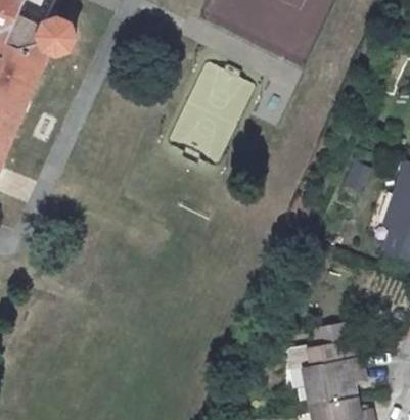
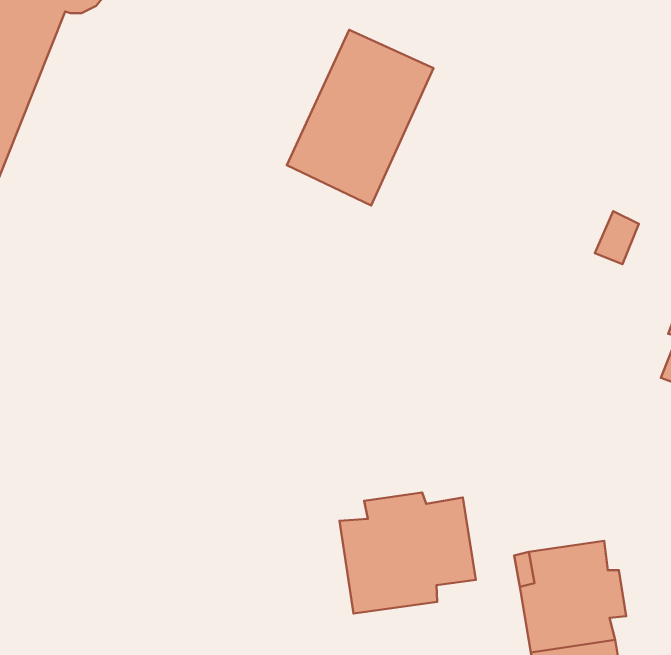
building: none -> [339,492,476,613]

